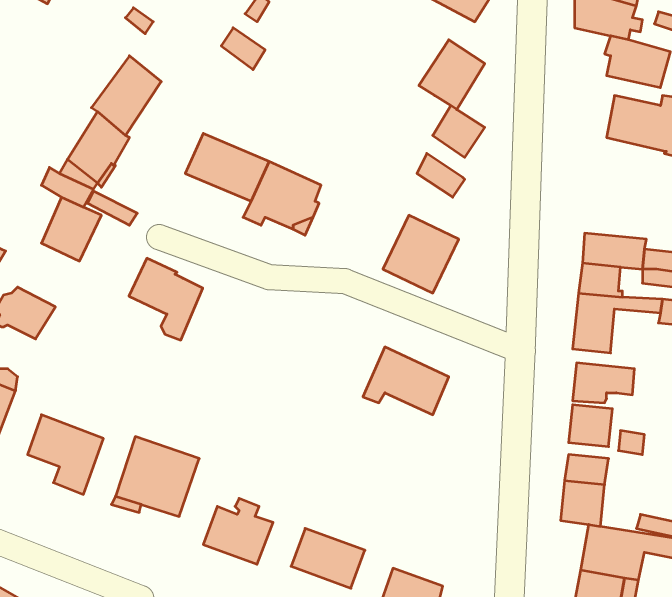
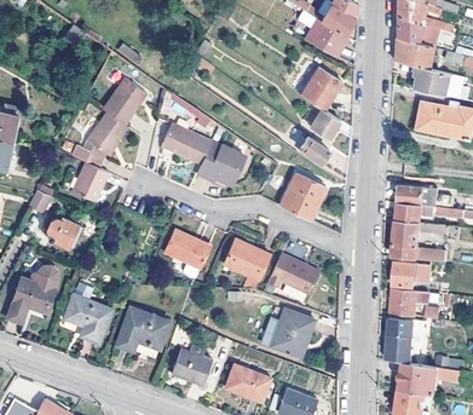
building: [129,258,203,340] -> [163,230,208,279]
building: none -> [224,243,270,279]
building: none -> [271,309,313,356]

